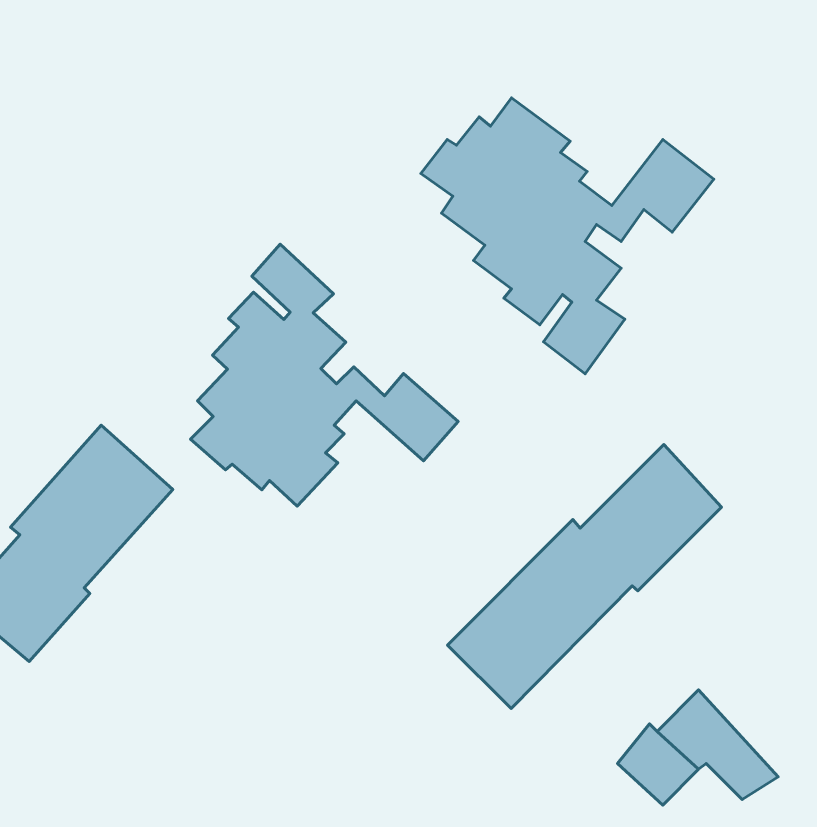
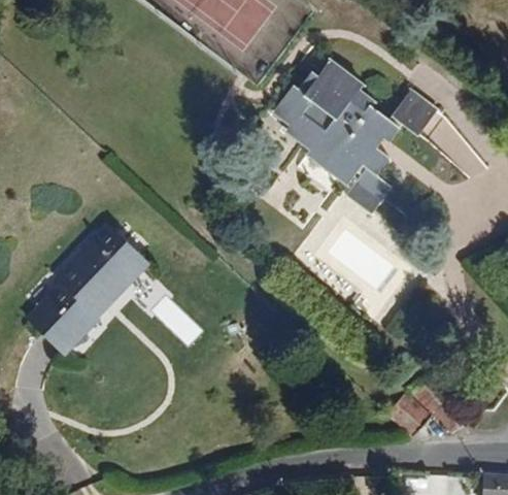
building: [191,244,458,506] -> none
building: [447,445,721,708] -> none

